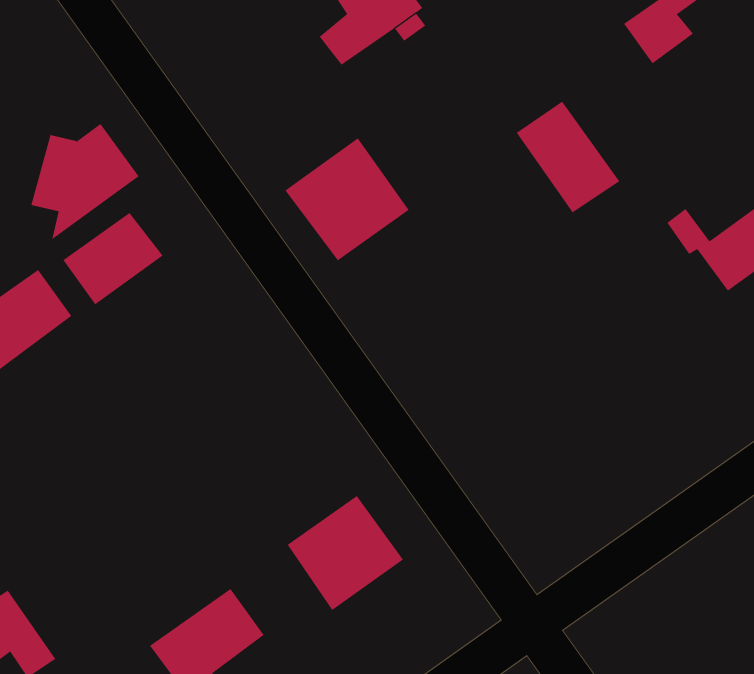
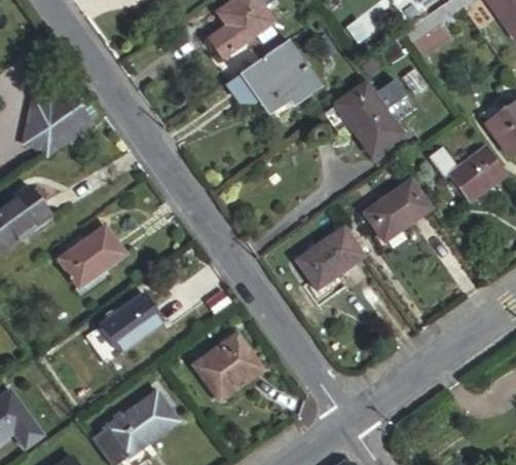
building: [285,138,409,261] -> [242,38,322,117]
building: [63,212,164,305] -> [61,228,125,287]
building: none -> [365,180,432,240]
building: none -> [297,226,364,287]
building: none -> [99,293,160,350]

